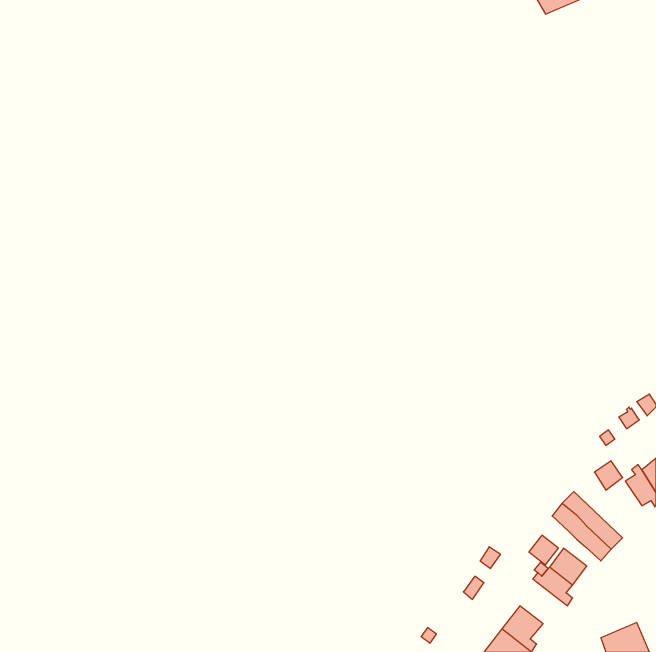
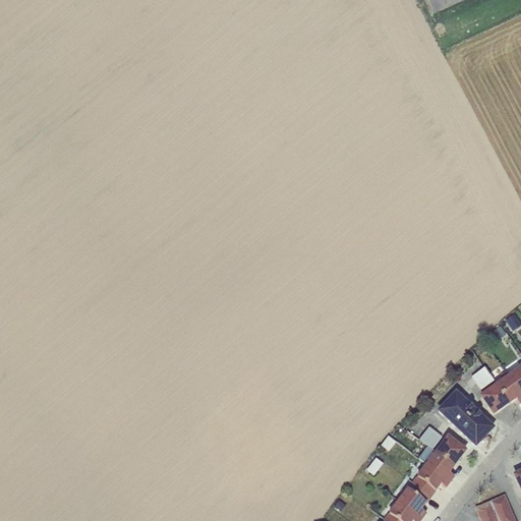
building: none -> [480,382,509,412]
building: none -> [412,462,450,495]

